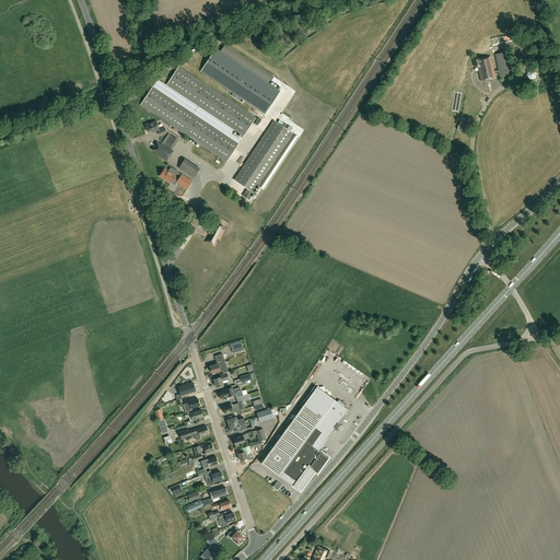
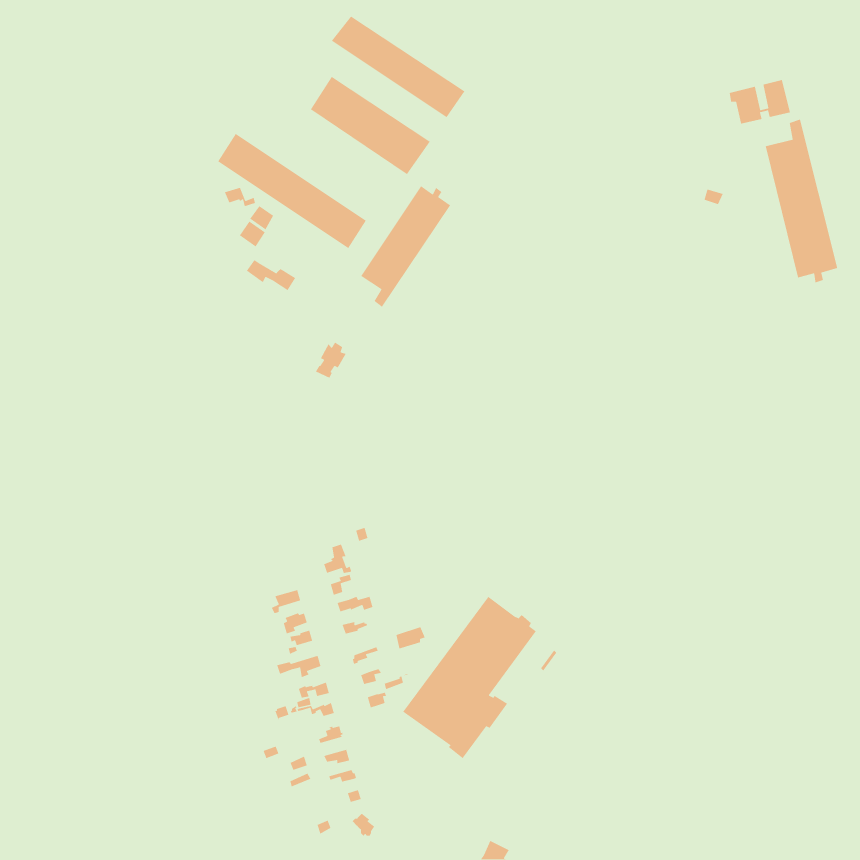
building: [168,69,256,136] -> [331,16,465,118]
building: none -> [765,118,838,283]

